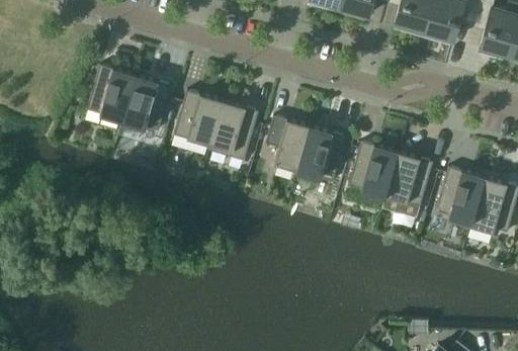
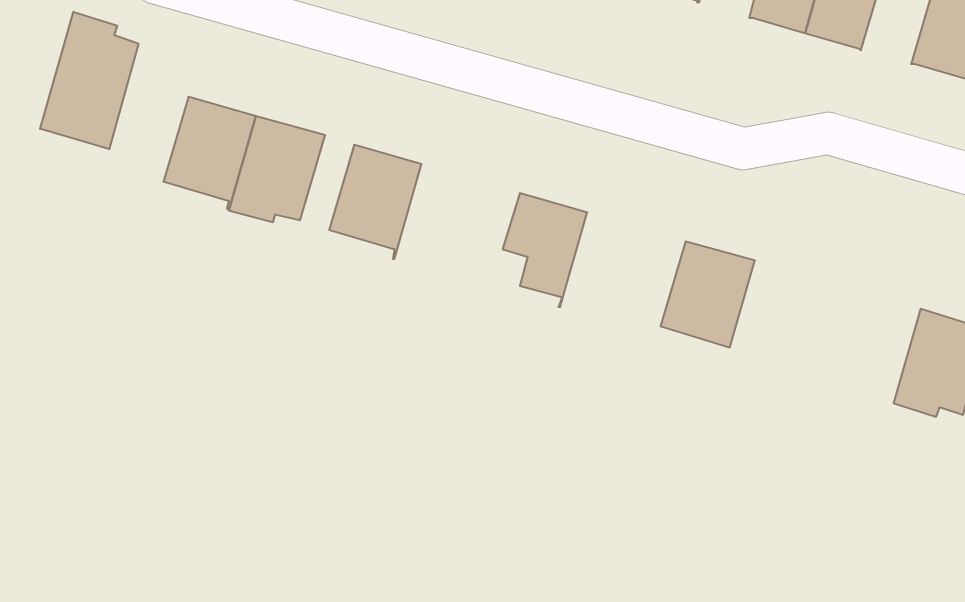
building: none -> [40,12,138,149]
building: [208,102,259,162] -> none
building: [295,127,346,184] -> none
building: [384,153,433,208] -> none
building: [435,168,485,228] -> none

